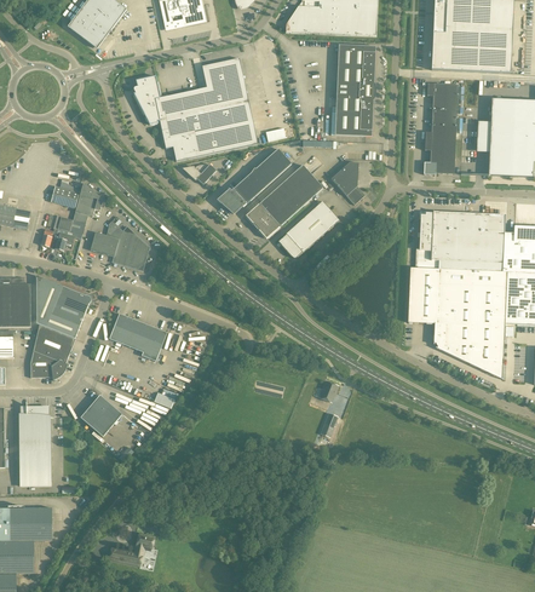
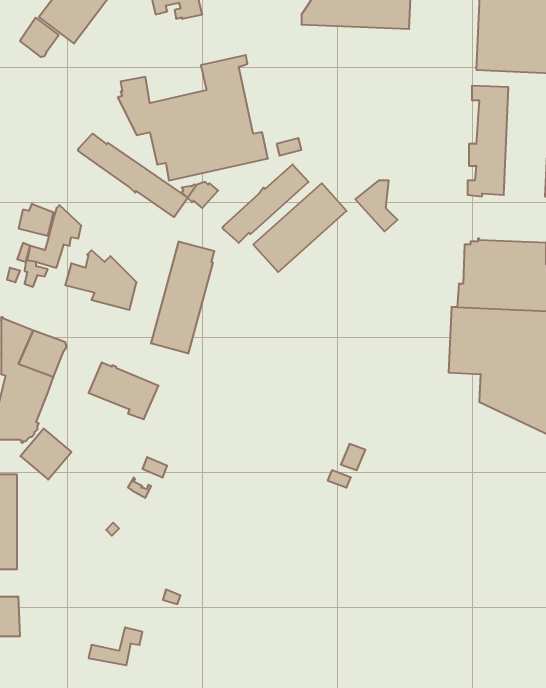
building: none -> [20,18,59,57]
building: [334,44,375,140] -> none
building: none -> [78,134,188,217]
building: [277,200,339,257] -> none
building: none -> [151,241,214,354]
building: [80,393,122,436] -> [20,429,71,480]

